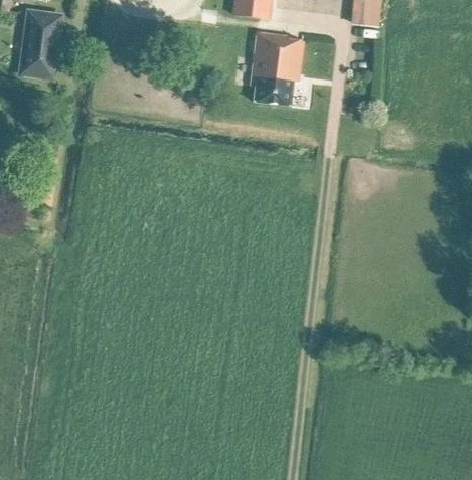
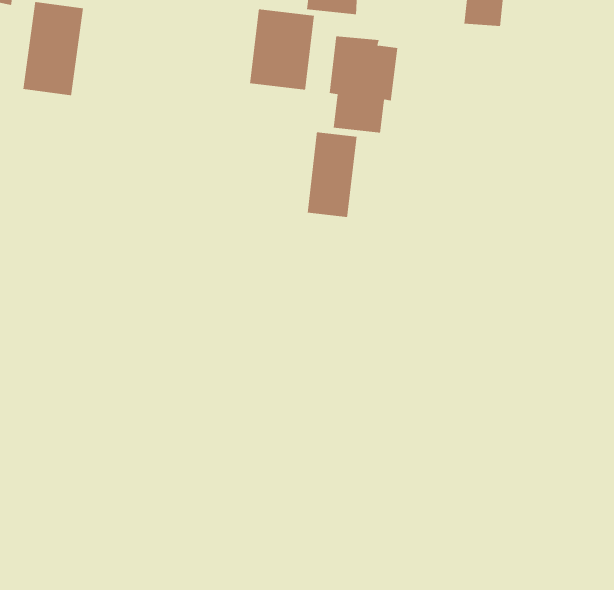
building: none -> [250,8,314,91]
building: none -> [307,131,357,218]

